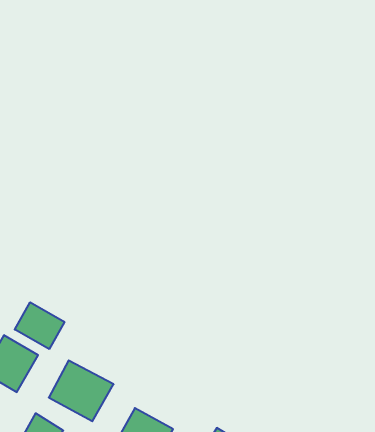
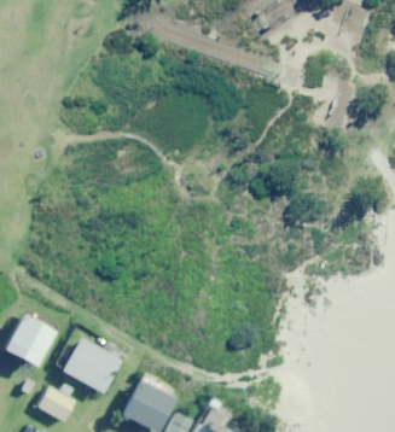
building: [15,302,64,349] -> none

